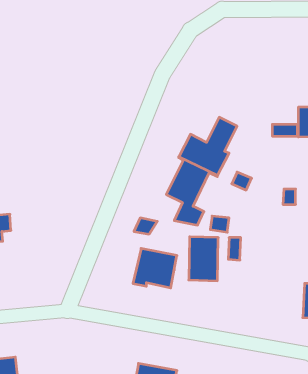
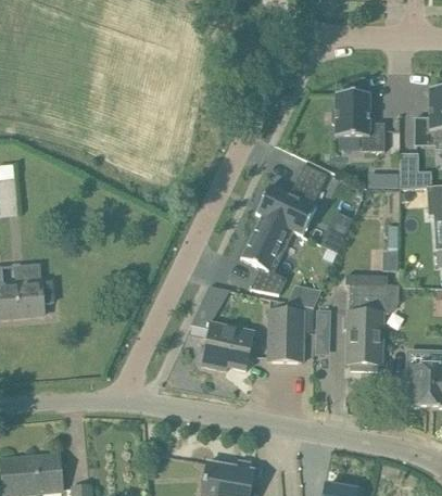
building: none -> [334,93,383,151]
building: none -> [344,275,397,371]

